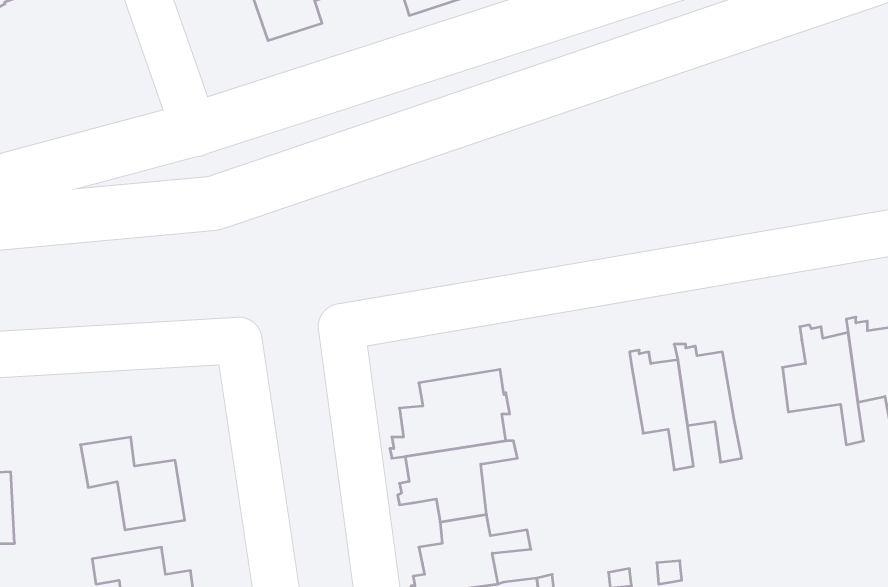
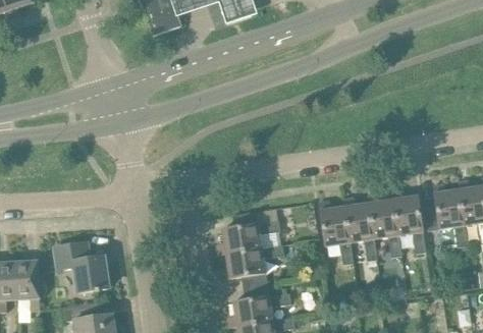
building: none -> [391,190,427,253]
building: none -> [319,202,354,264]
building: none -> [17,261,40,310]

